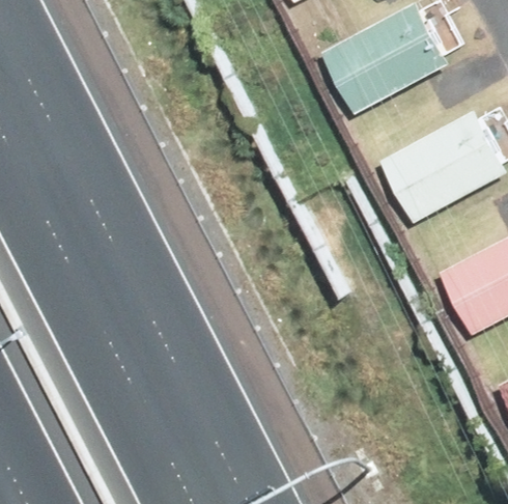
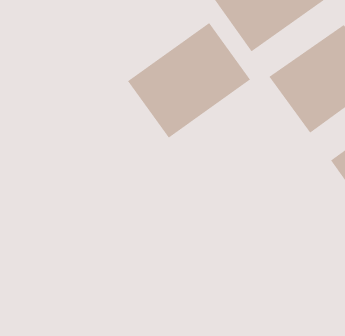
building: none -> [127,22,251,139]

